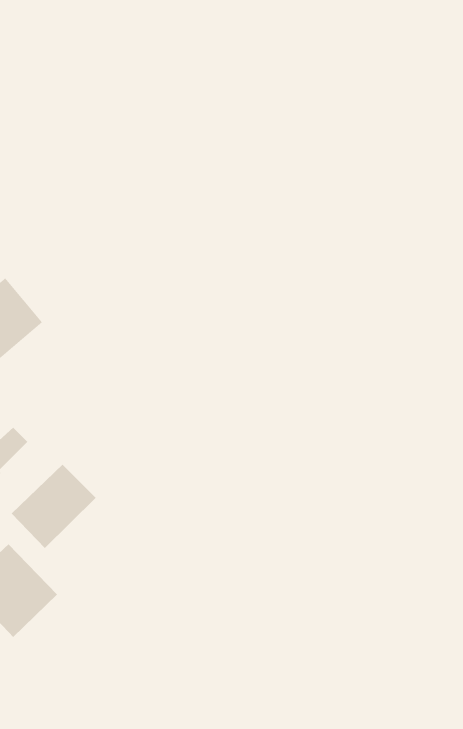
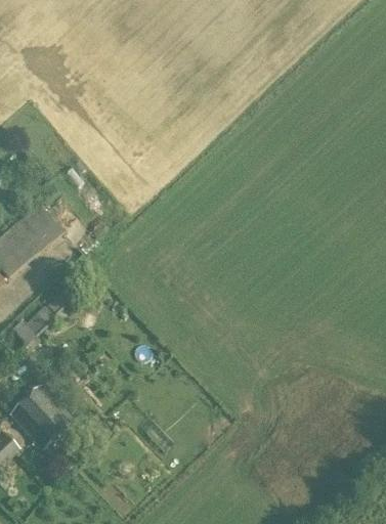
building: [11,464,97,549] -> none

